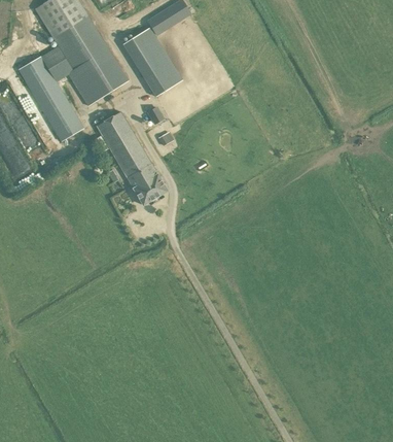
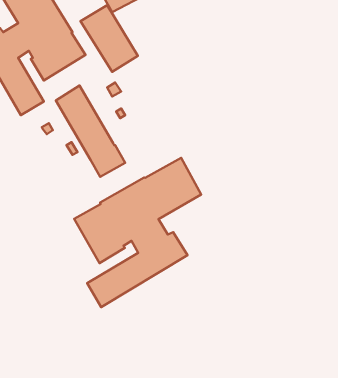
building: none -> [74,158,201,307]

